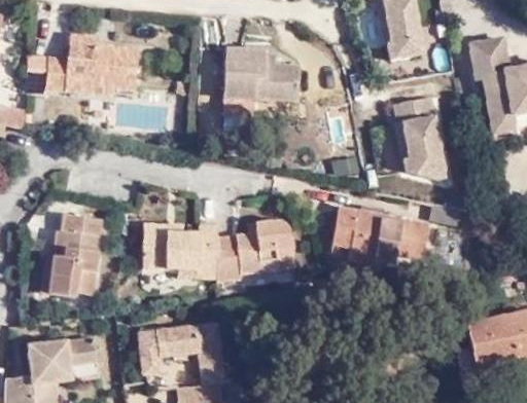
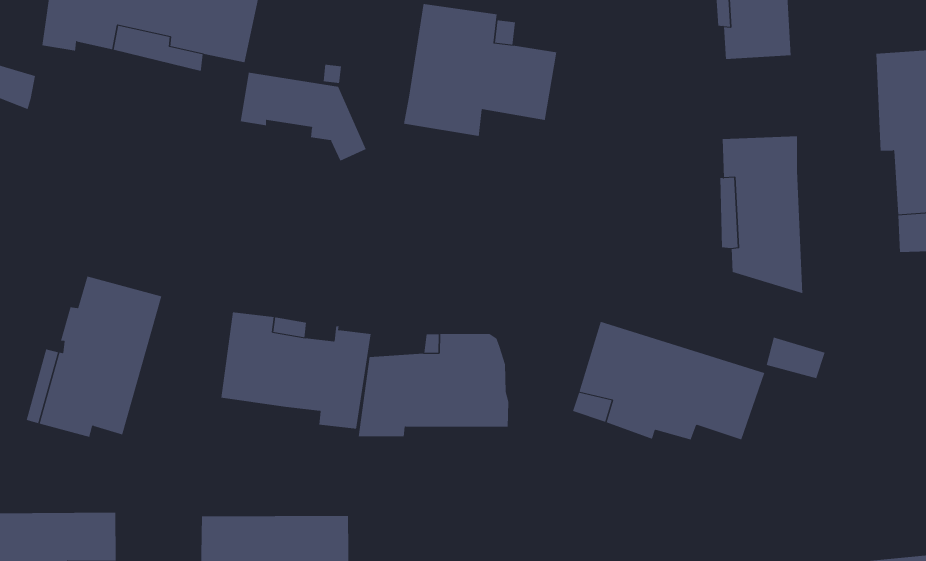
building: none -> [240,72,366,161]

